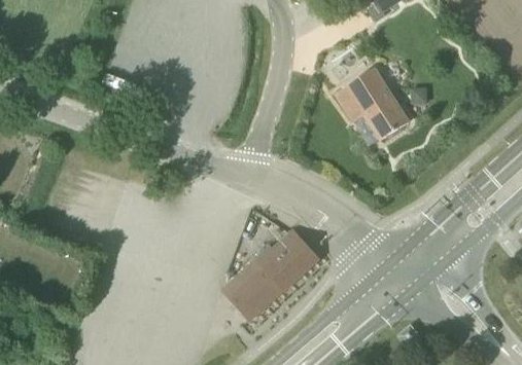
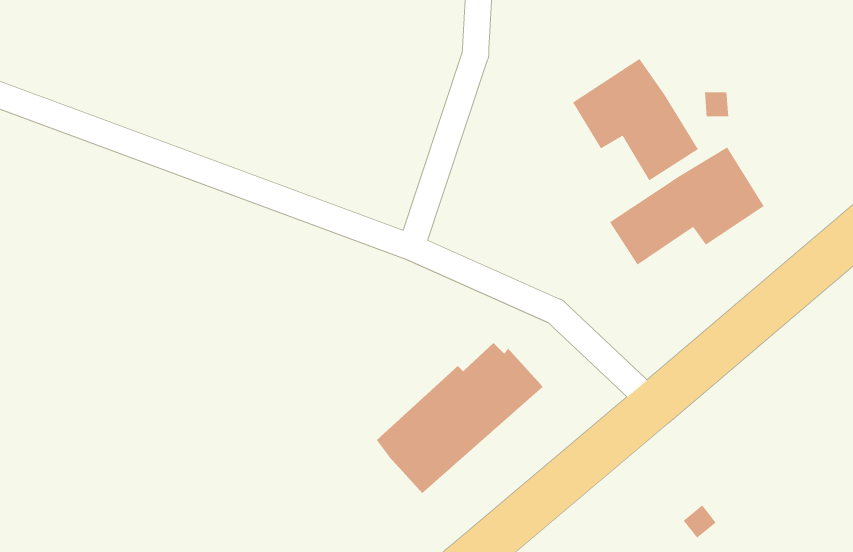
building: none -> [609,146,764,265]

